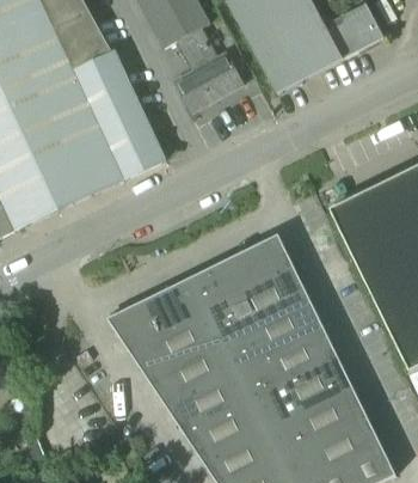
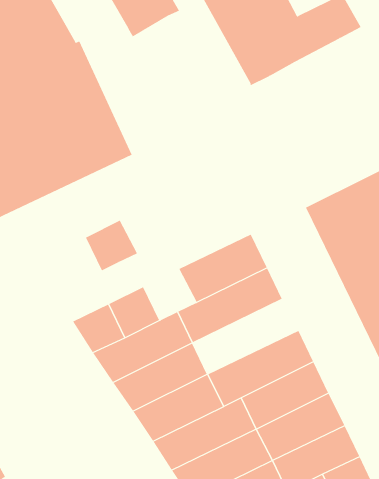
building: [173,26,242,112] -> none
building: [176,268,226,317] -> [85,220,138,271]
building: [222,296,324,368] -> none

